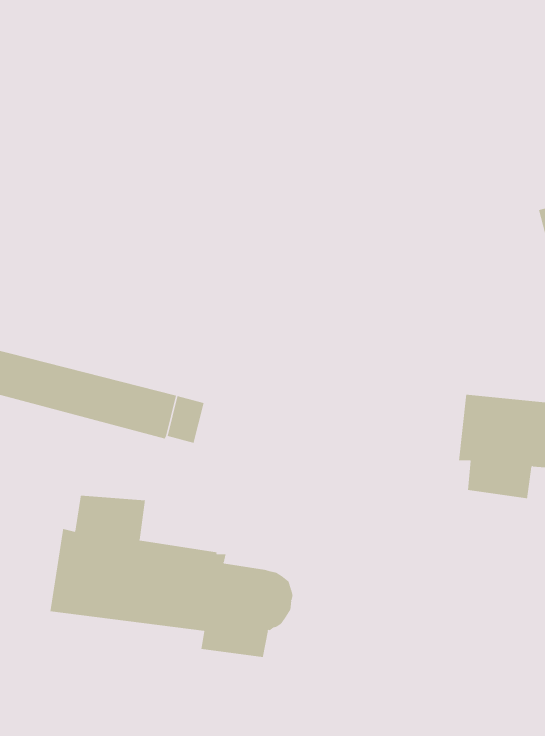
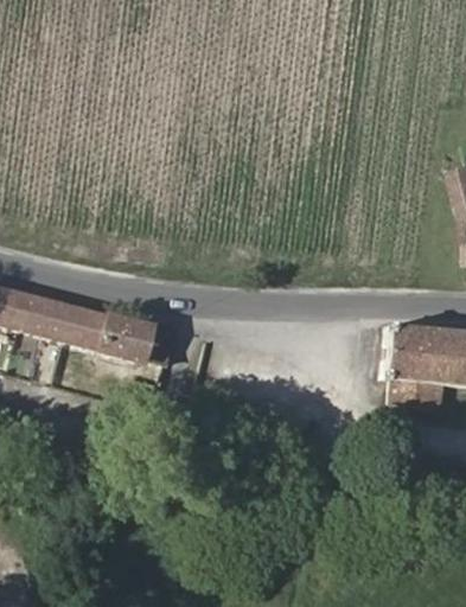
building: [50,495,293,658] -> none

